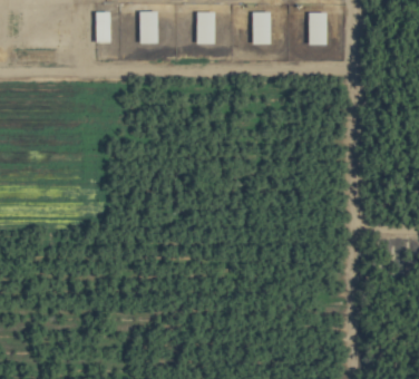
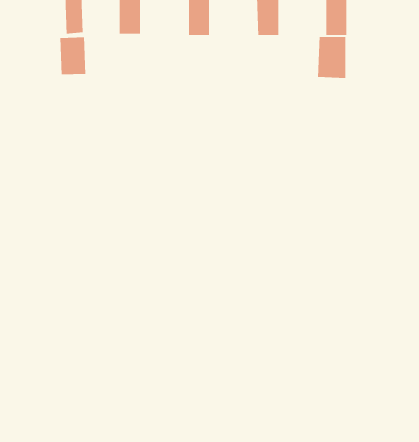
building: none -> [317,36,346,79]
building: none -> [59,36,86,75]

